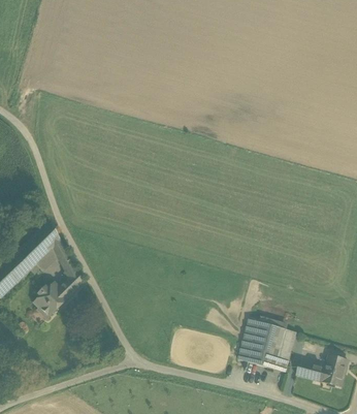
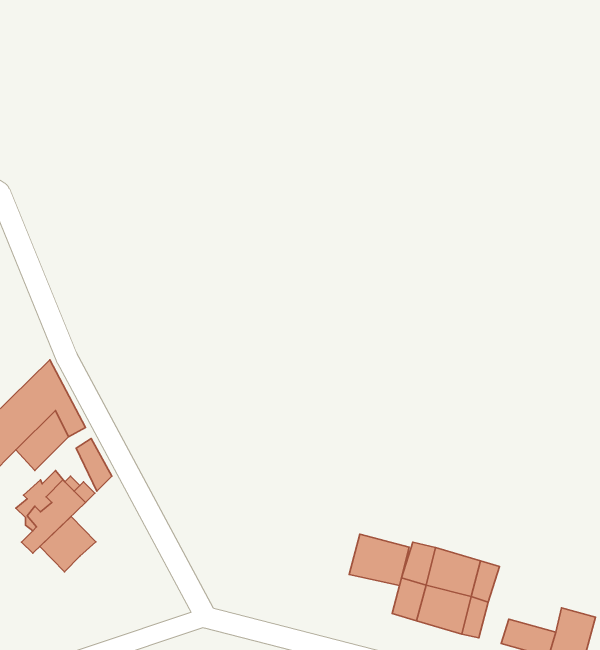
building: none -> [40,516,96,572]
building: none -> [349,534,409,586]

